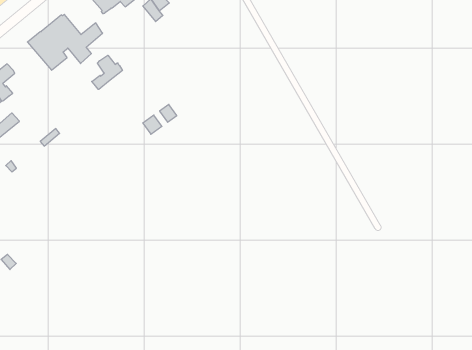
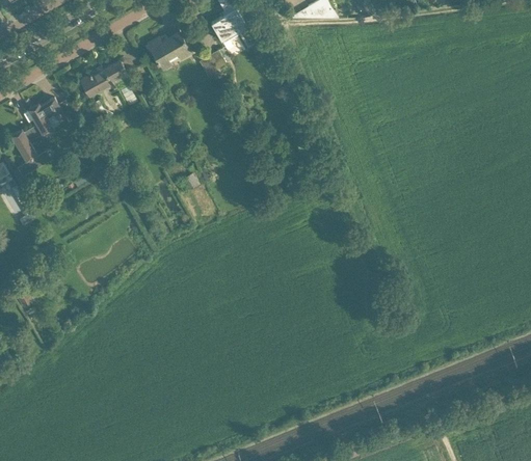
building: [92,55,122,89] -> none

